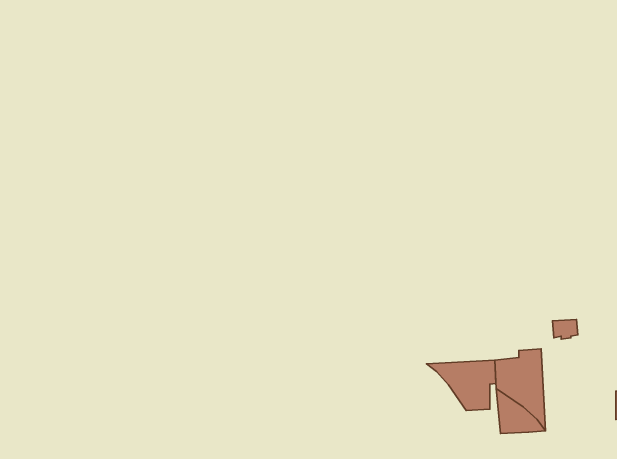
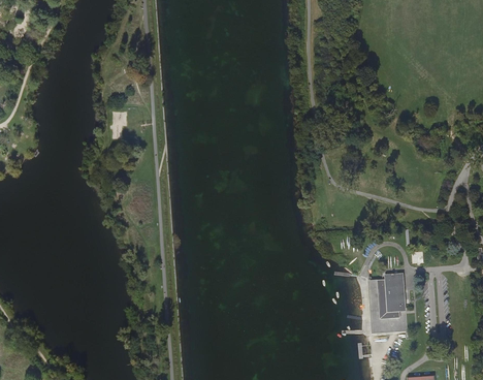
building: [426,360,496,410] -> none

